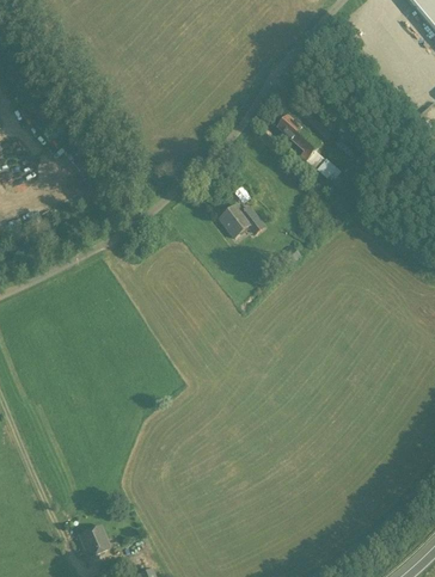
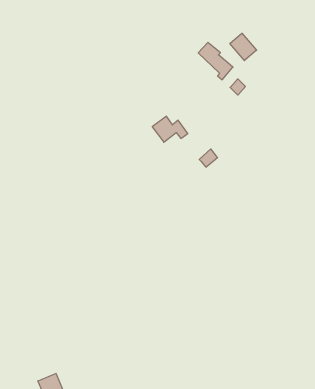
building: none -> [230,33,257,61]

